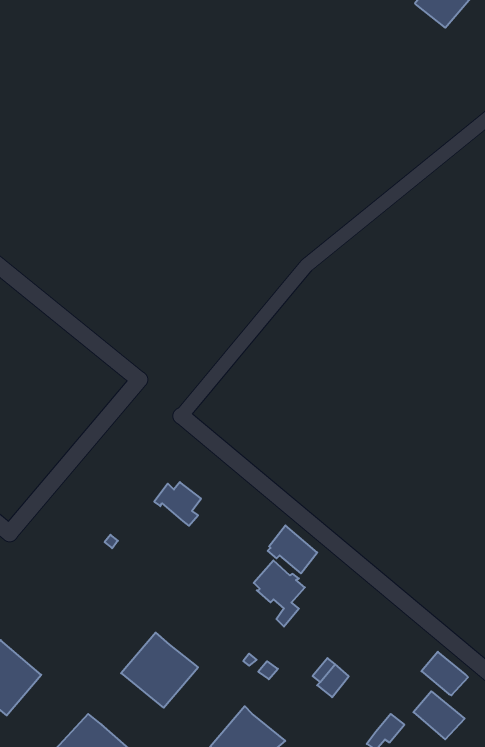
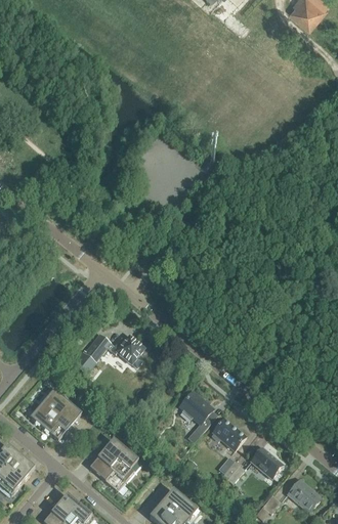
building: none -> [74,334,113,374]
building: [268,525,317,573] -> [211,418,245,450]
building: none -> [29,389,81,440]
building: [421,652,468,695] -> [250,447,282,477]

